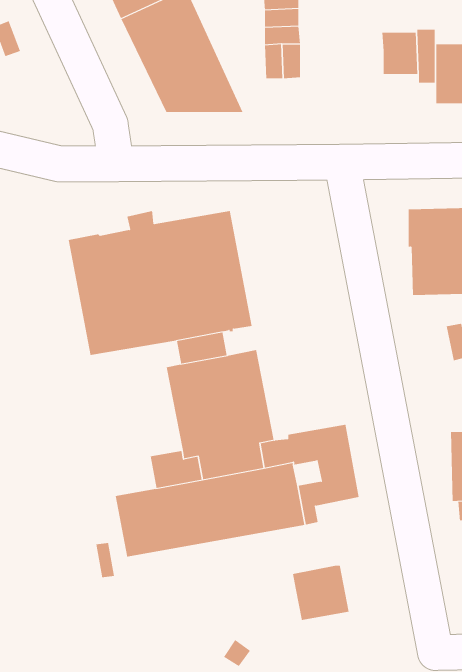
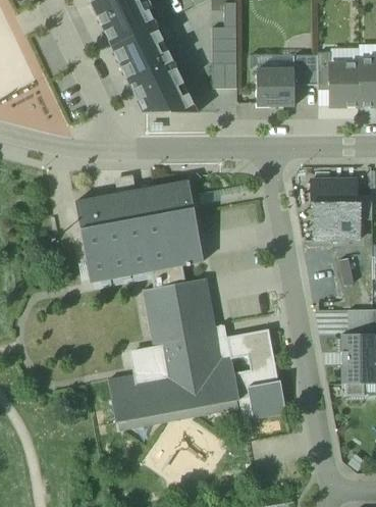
building: none -> [256,68,293,105]
building: [292,565,349,621] -> [247,379,286,418]

